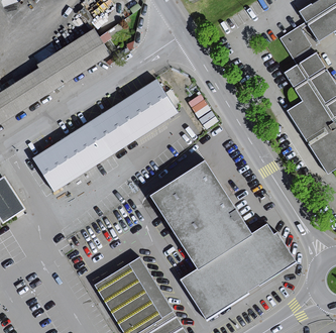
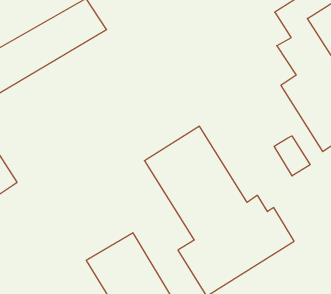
building: [35,81,176,188] -> none
building: none -> [274,136,310,176]

